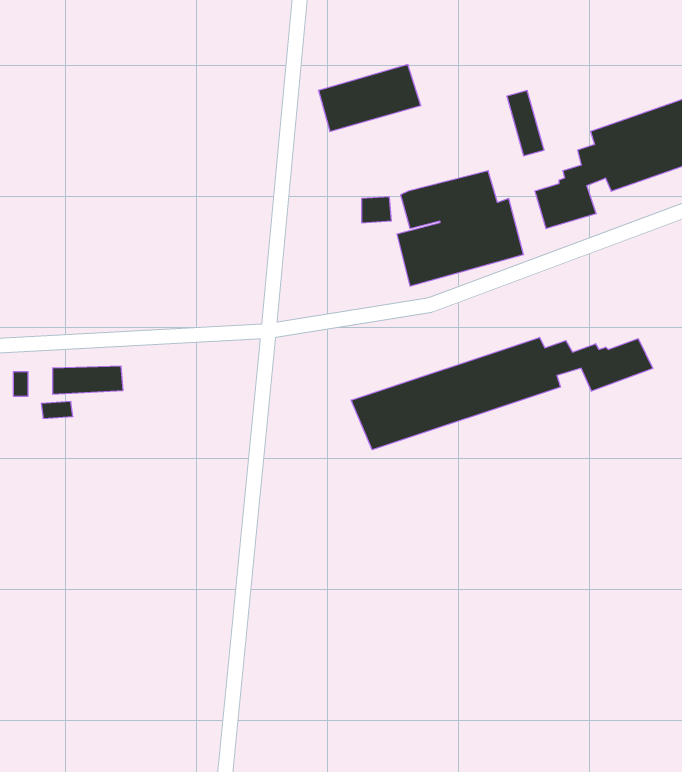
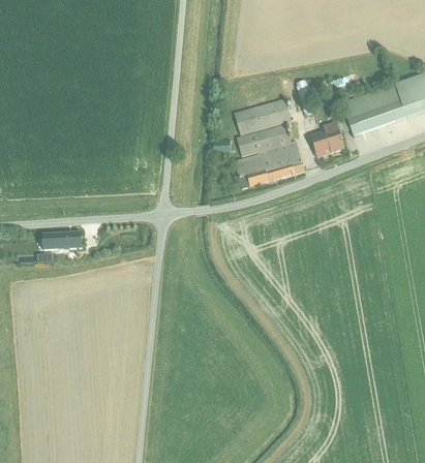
building: [318,64,421,131] -> [234,98,291,135]
building: [351,337,653,450] -> none

